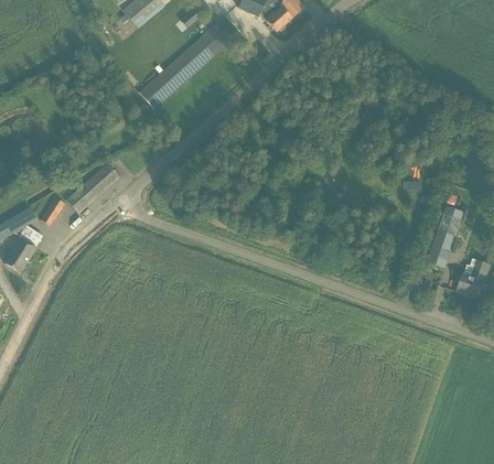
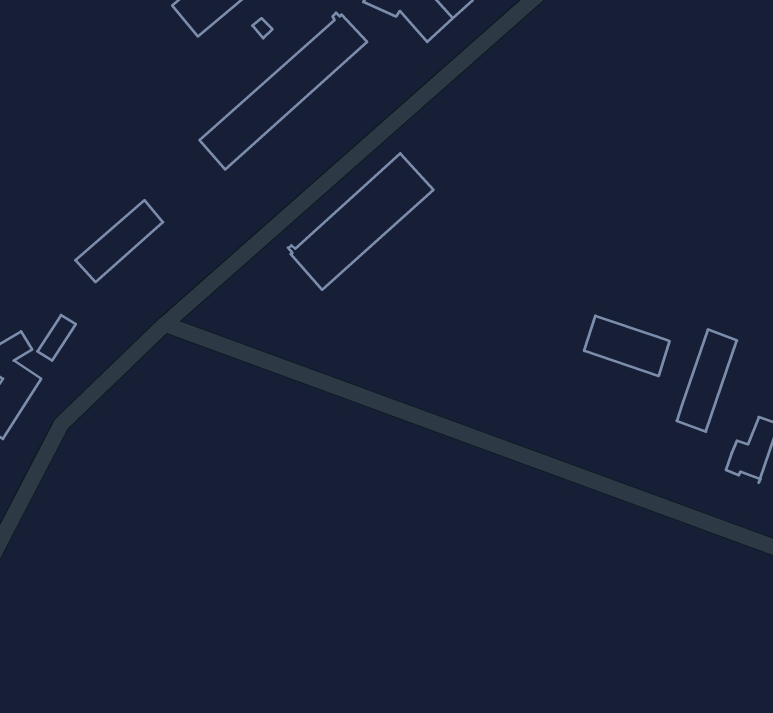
building: none -> [288,153,433,290]
building: [65,163,118,213] -> [75,200,163,282]
building: none -> [584,316,669,376]

